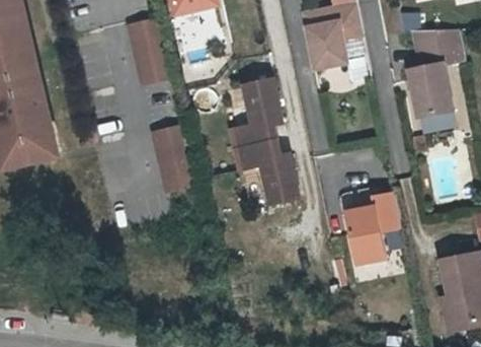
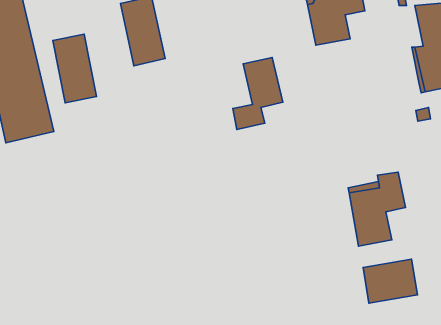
building: [150,125,192,192] -> [53,34,97,103]
building: [236,143,298,205] -> none
building: none -> [363,259,417,303]

